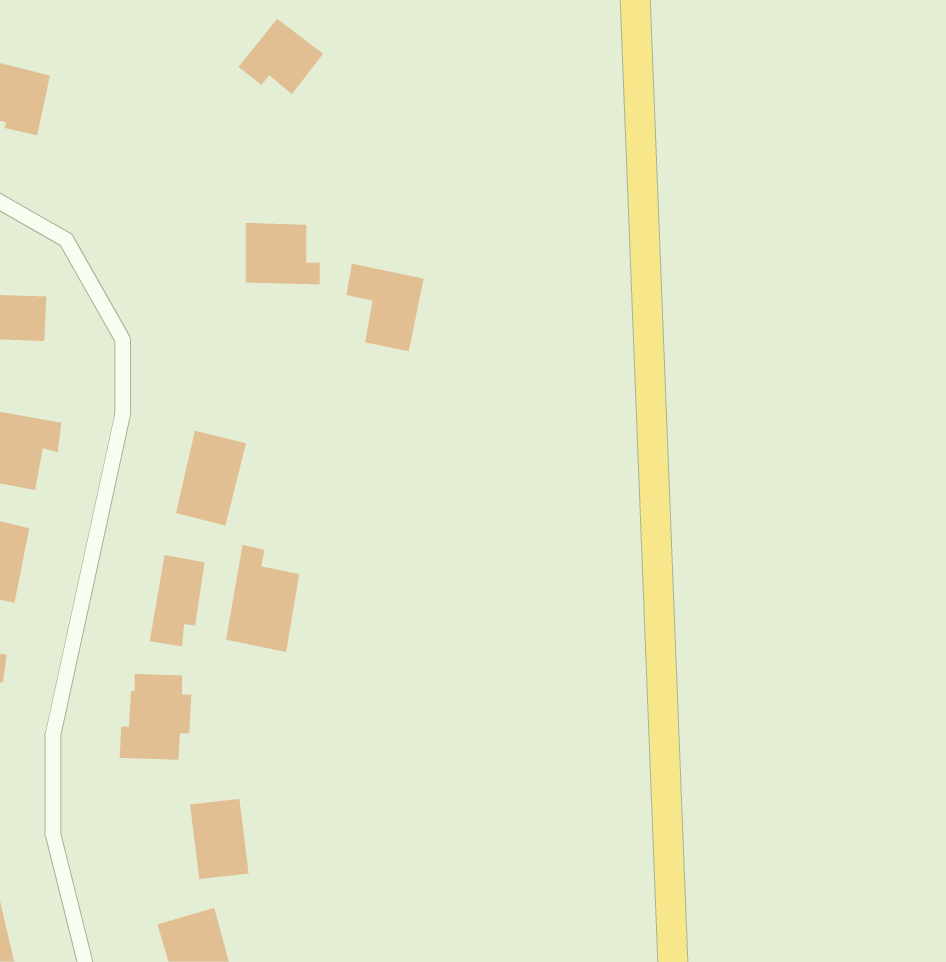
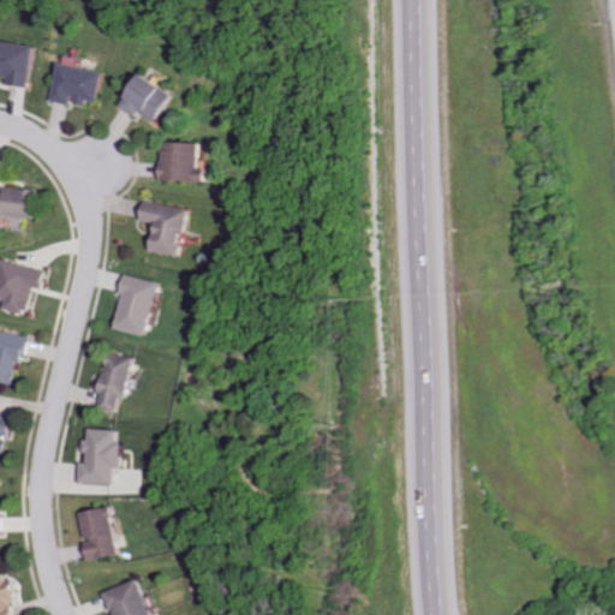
building: [237,18,324,95] -> [115,73,171,123]
building: none -> [46,61,98,105]
building: [345,263,425,352] -> [136,199,186,256]
building: [226,544,300,653] -> none
building: [189,798,249,880] -> [76,508,114,560]

